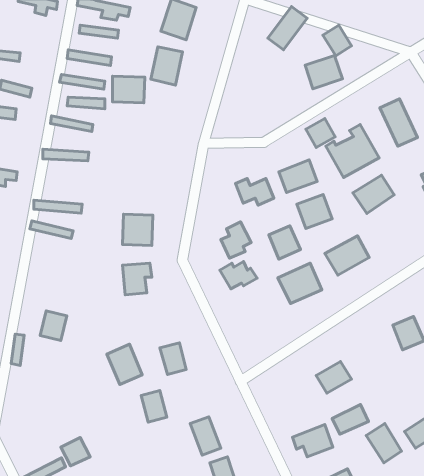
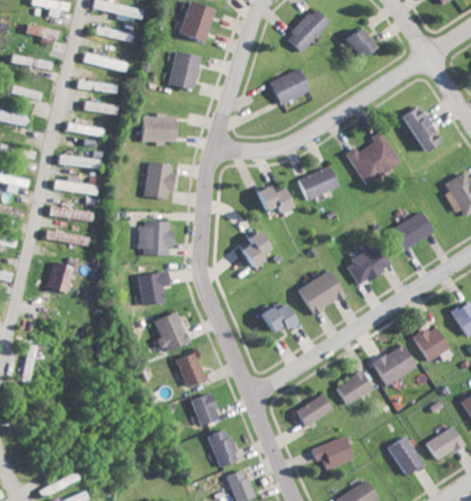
building: none -> [25,25,58,47]
building: [305,55,342,89] -> [270,70,308,104]
building: [112,76,145,103] -> [141,114,174,142]
building: [306,118,335,147] -> none
building: none -> [145,162,172,200]
building: none -> [51,175,102,194]
building: [353,175,394,214] -> [391,212,433,251]
building: [297,195,332,228] -> none
building: [269,226,301,259] -> none
building: [220,261,257,289] -> [258,304,296,332]
building: [40,311,67,340] -> [47,263,74,293]
building: none -> [372,344,416,387]
building: [107,344,142,385] -> [153,311,189,352]
building: [141,391,167,422] -> [192,394,218,426]
building: [332,405,369,434] -> [295,396,332,426]
building: [61,437,90,466] -> none

